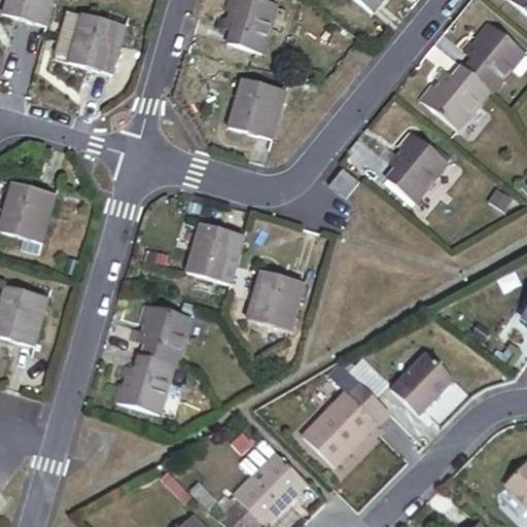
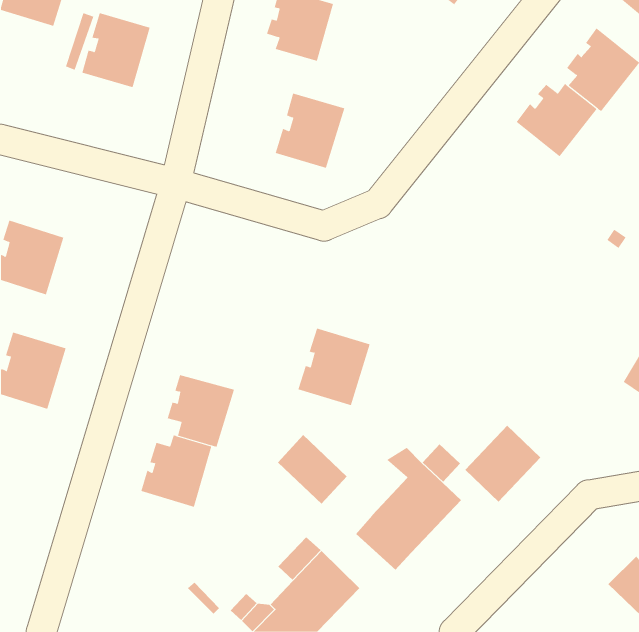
building: [389,130,452,201] -> none
building: [187,230,248,292] -> none
building: none -> [277,434,348,505]

